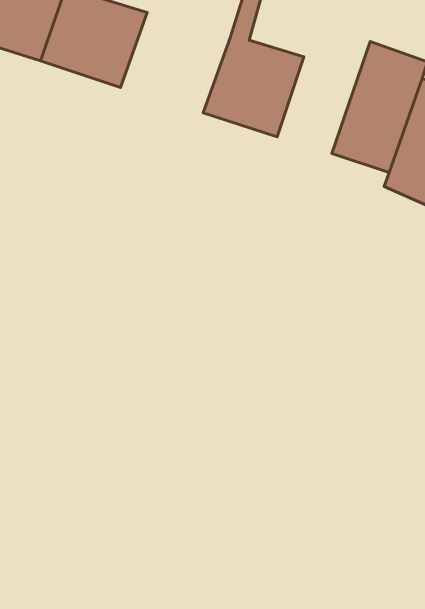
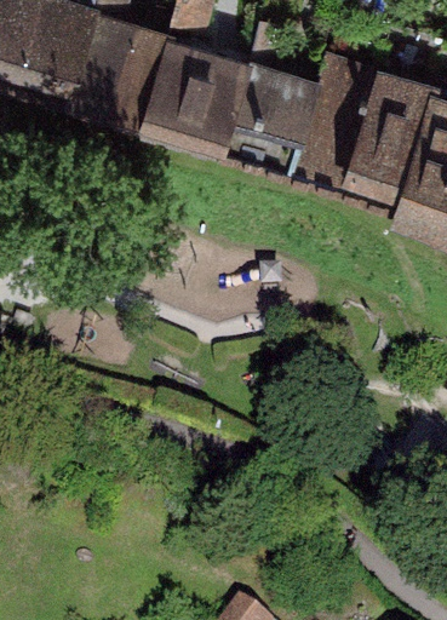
building: none -> [145,42,250,138]
building: none -> [294,54,383,177]

